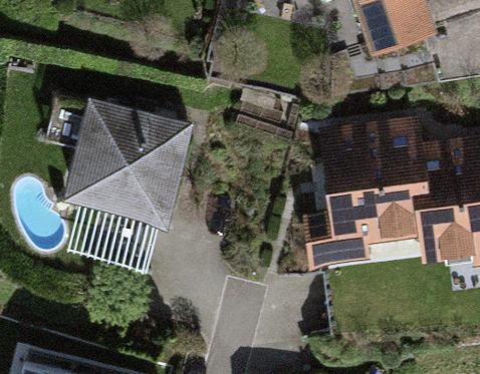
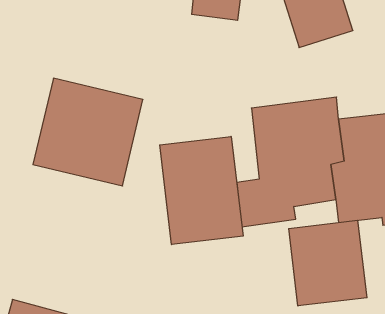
building: none -> [160,136,243,245]
building: none -> [289,220,367,306]

